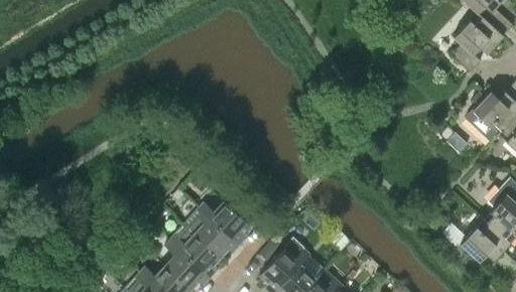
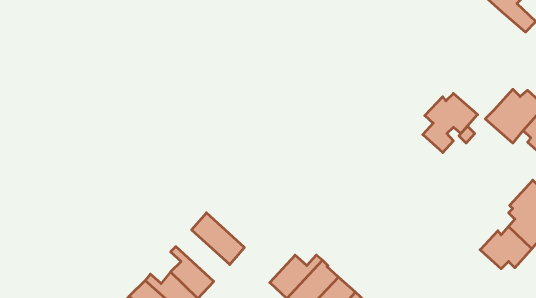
building: [452,16,504,72] -> [423,93,478,153]
building: [200,200,251,242] -> none
building: [170,225,222,274] -> none

